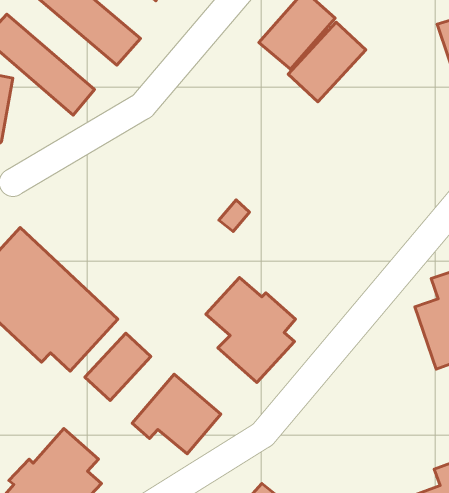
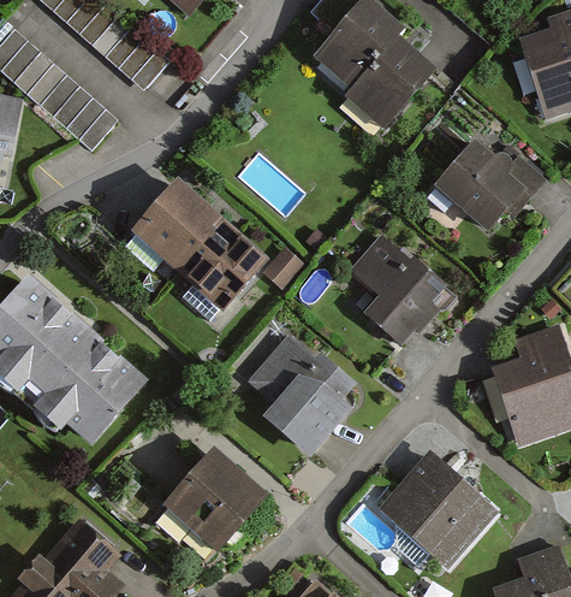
building: none -> [435,143,528,235]
building: none -> [129,179,267,312]
building: none -> [347,231,442,348]
building: [85,333,151,400] -> none
building: none -> [379,453,499,571]

